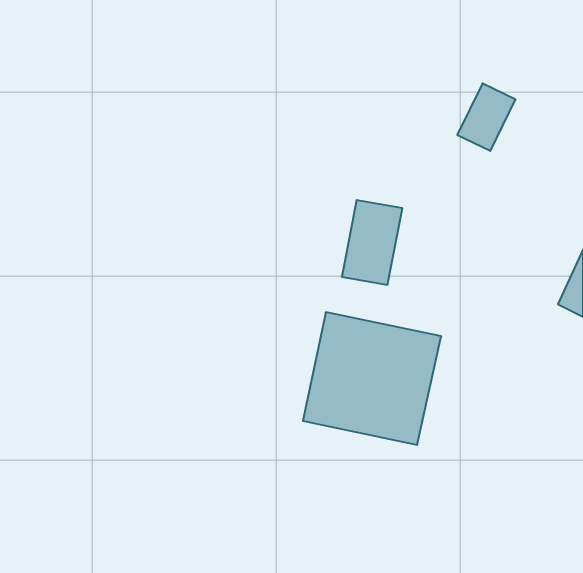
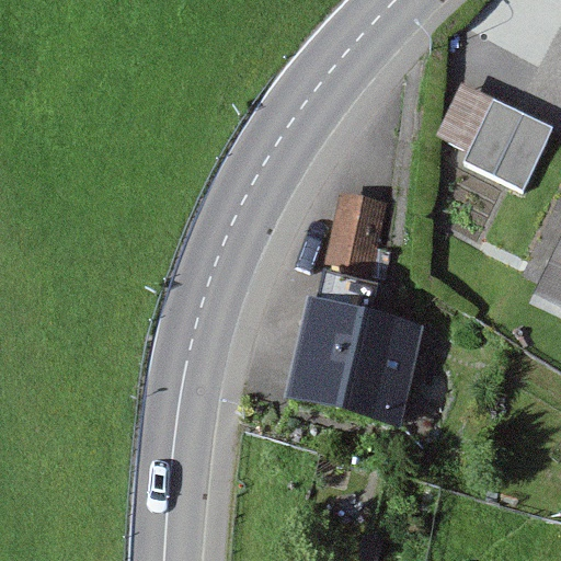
building: none -> [463,95,551,184]

